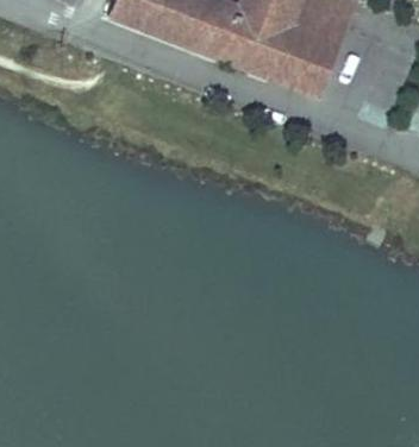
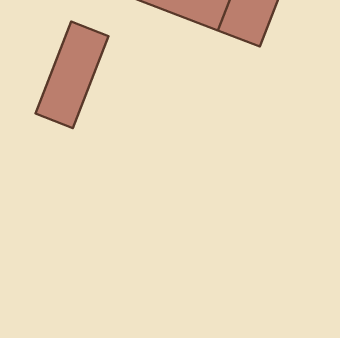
building: none -> [36,21,108,128]

